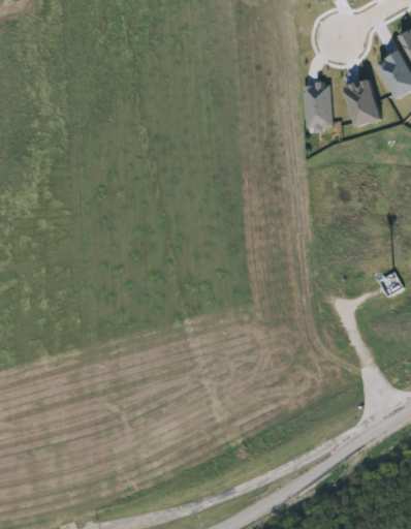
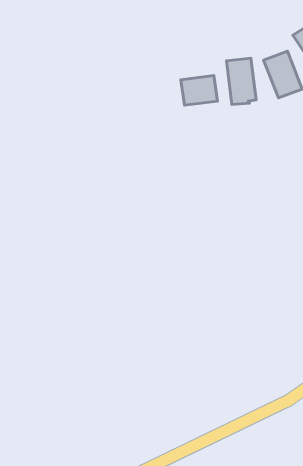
building: none -> [181,76,217,105]

